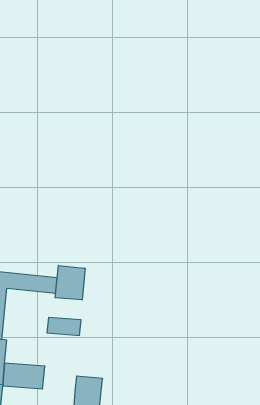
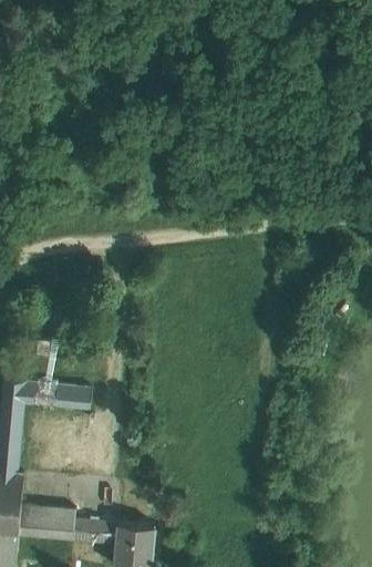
building: [55,265,85,300] -> none
building: [47,318,81,335] -> [72,517,118,542]

